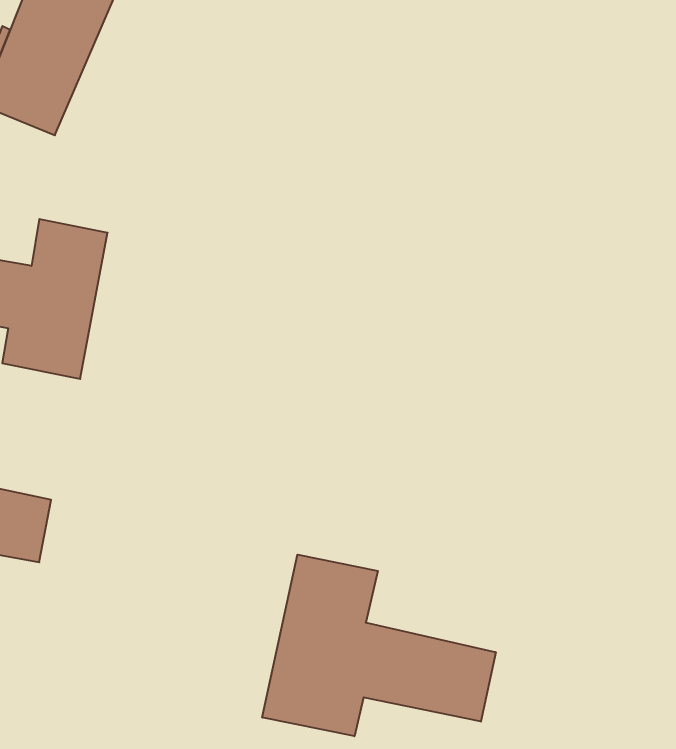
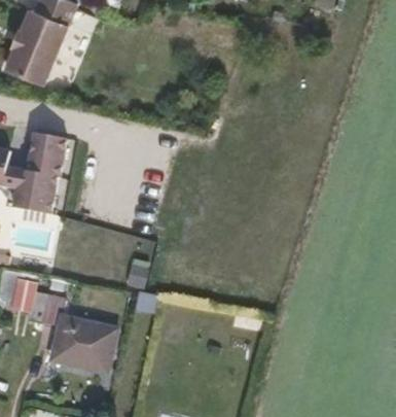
building: none -> [37,292,115,370]
building: [262,555,496,736] -> none

